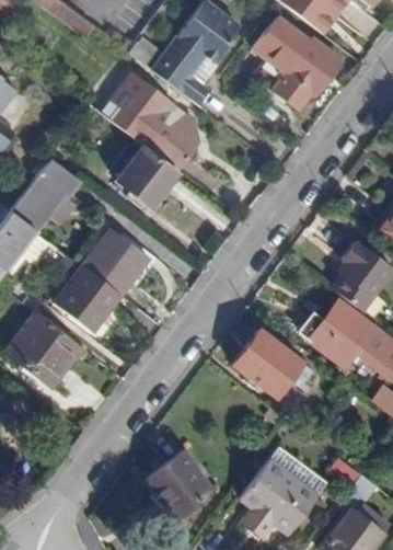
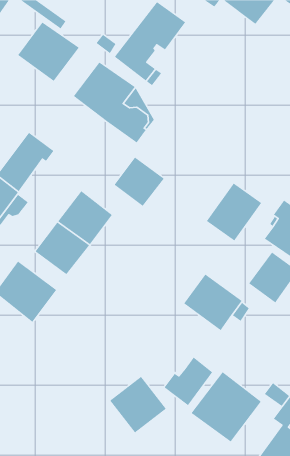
building: [253,16,343,108] -> none
building: none -> [17,21,80,82]
building: [116,147,177,207] -> [114,157,165,207]
building: none -> [206,182,262,242]
building: none -> [164,356,213,406]

